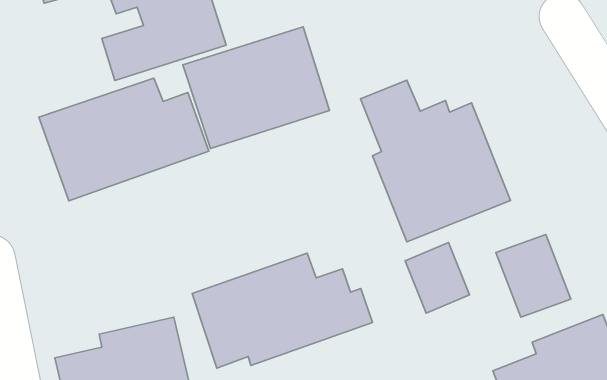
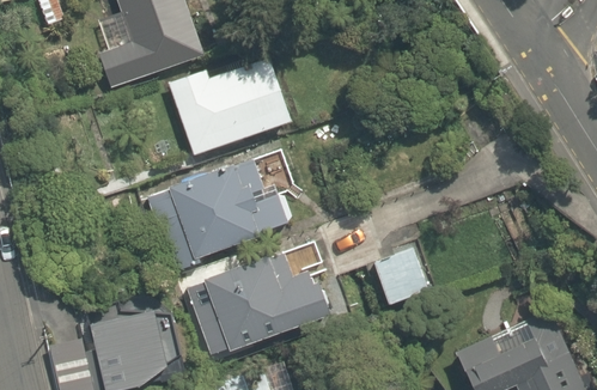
building: [39,78,209,201] -> [148,154,304,267]
building: [361,80,510,242] -> none
building: [496,235,571,317] -> none

